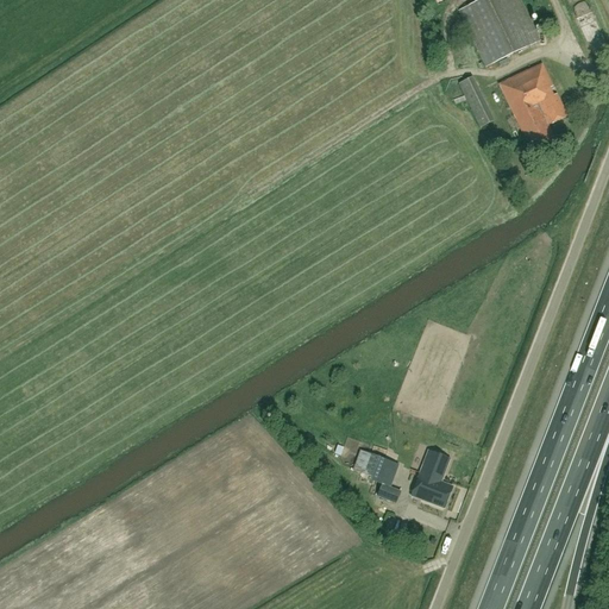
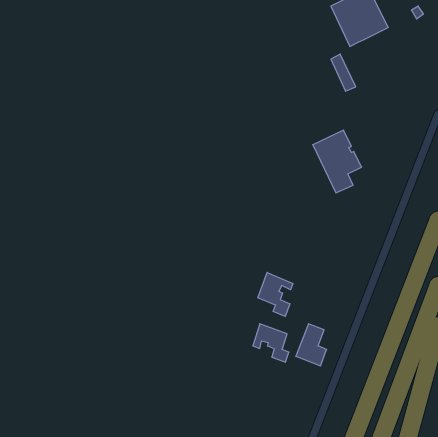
building: [500,62,567,149] -> [313,130,362,193]
building: none -> [258,272,293,316]

